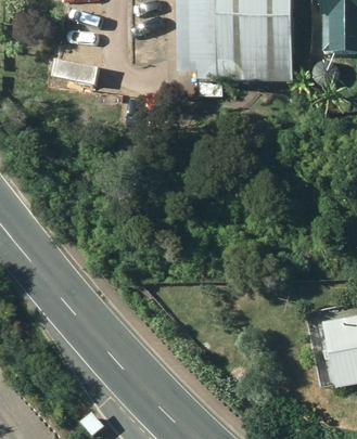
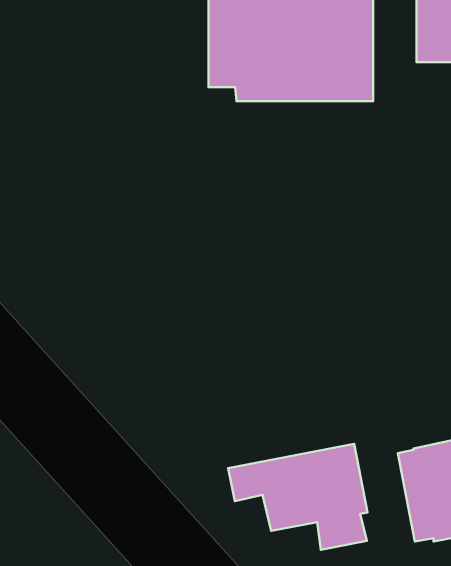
building: none -> [228,444,367,550]

